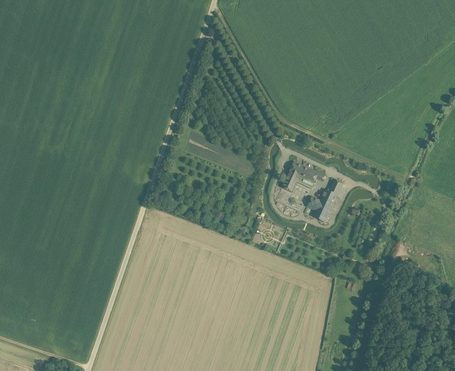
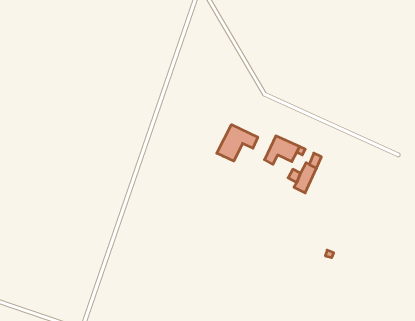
building: none -> [217,125,258,161]

